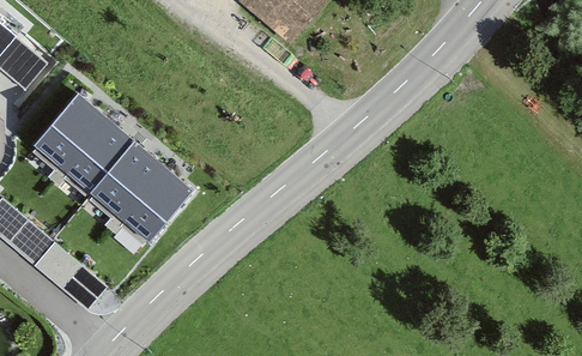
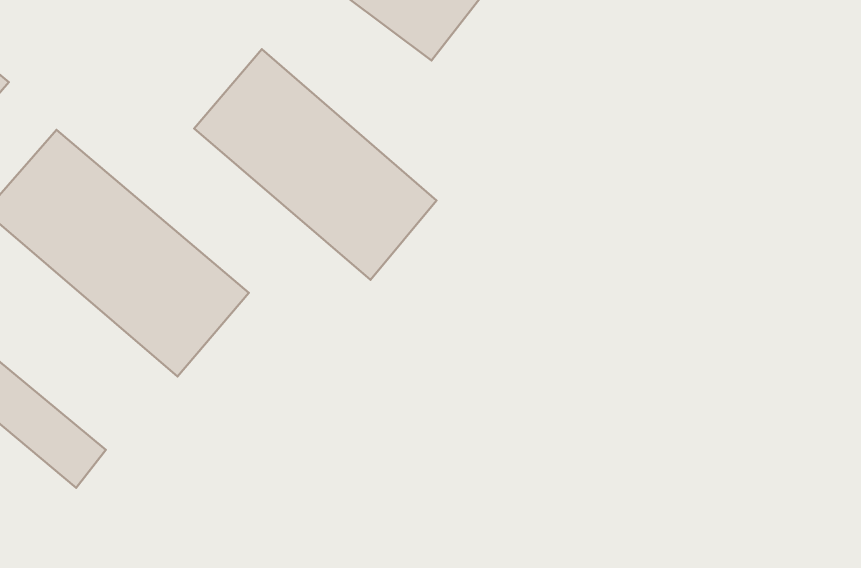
building: none -> [194,49,436,280]

